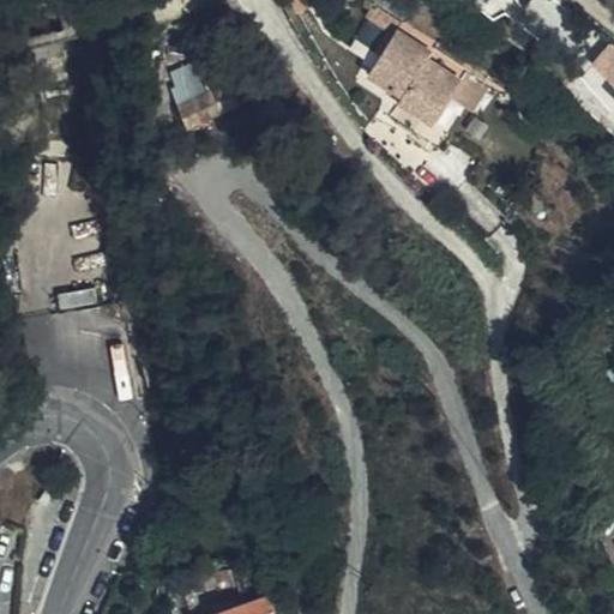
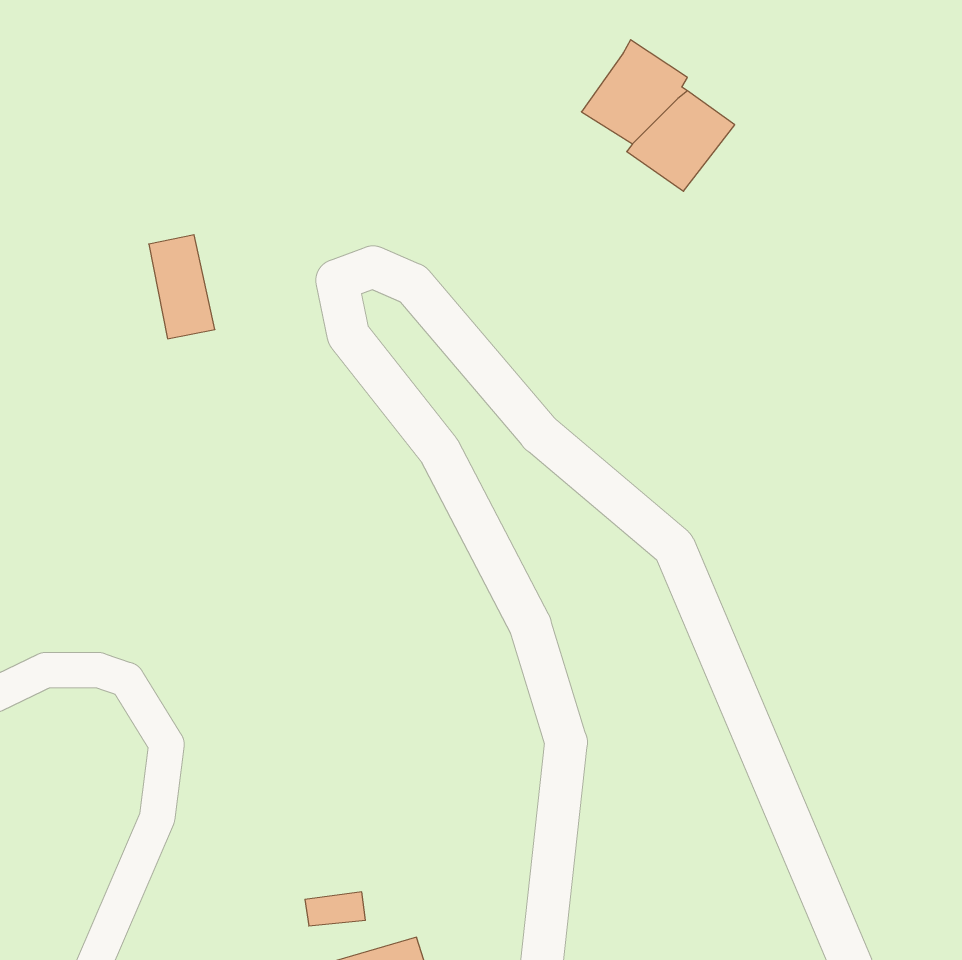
building: [170,61,212,127] -> [149,235,215,339]

